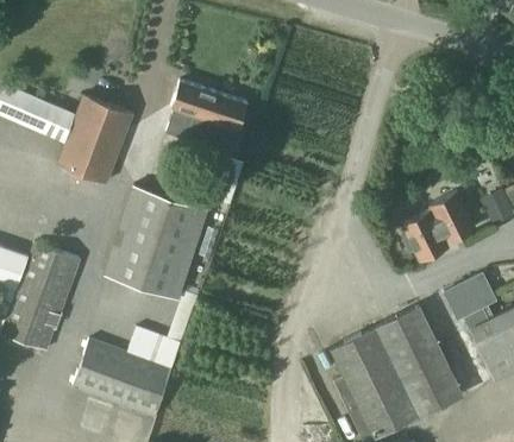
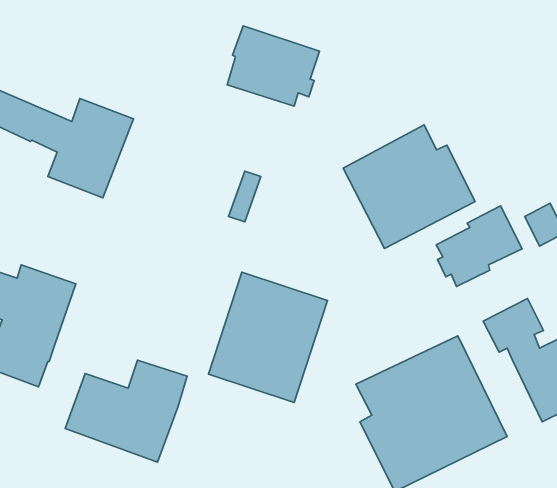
building: [165,82,247,153] -> [227,26,319,106]
building: none -> [343,125,475,249]
building: [102,185,208,301] -> [208,272,328,402]

